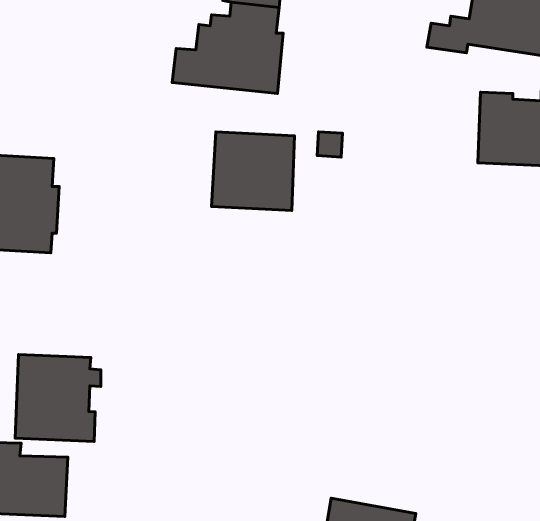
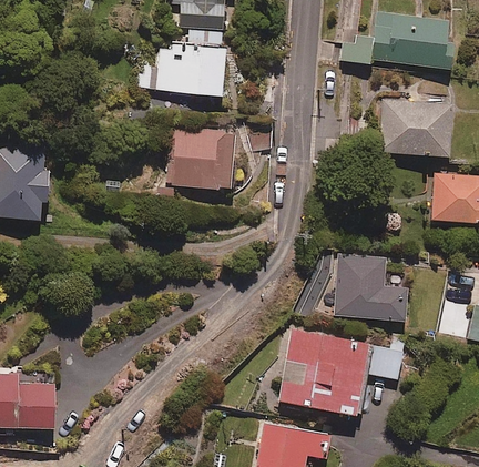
building: none -> [330,254,409,323]
building: [15,355,101,442] -> none
building: none -> [278,329,404,418]

